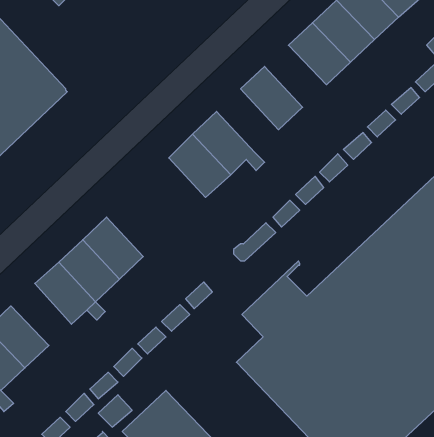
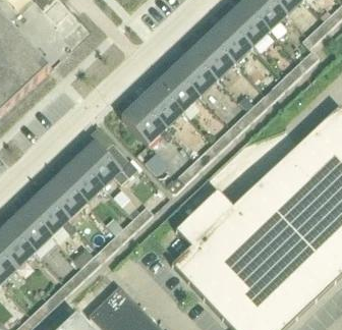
building: none -> [191,34,236,78]
building: none -> [157,65,202,111]
building: none -> [77,141,138,186]
building: none -> [8,206,52,251]

